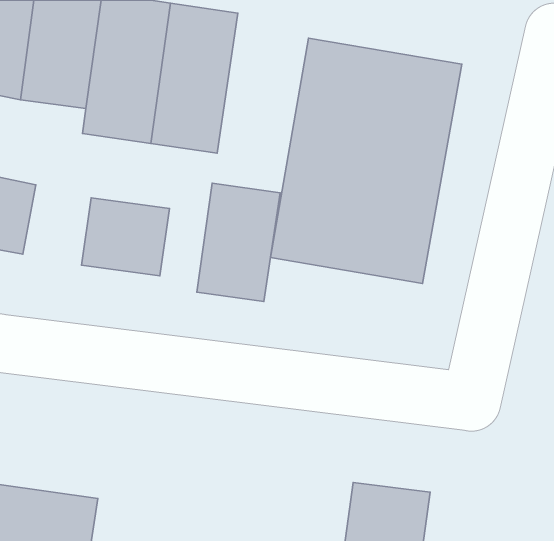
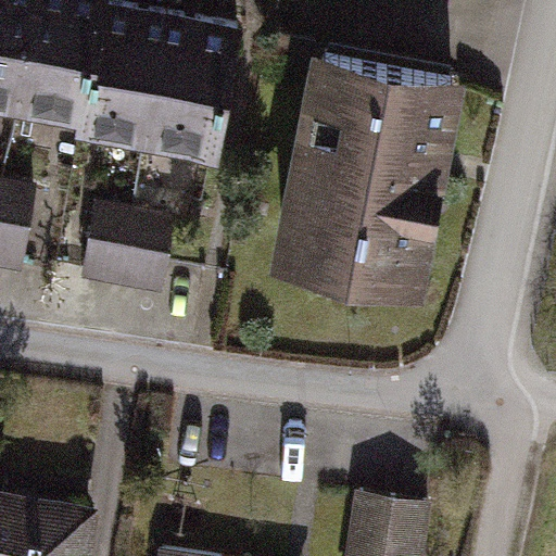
building: [197,183,280,302] -> none

